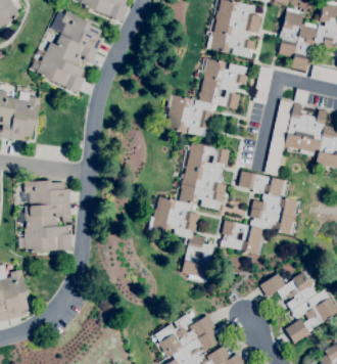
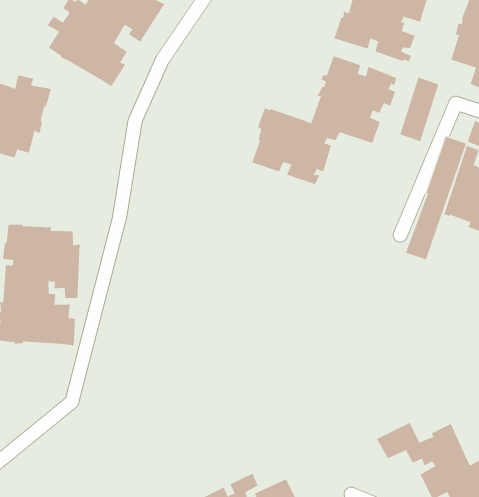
building: [149,141,230,281] -> none
building: [220,171,297,255] -> none

